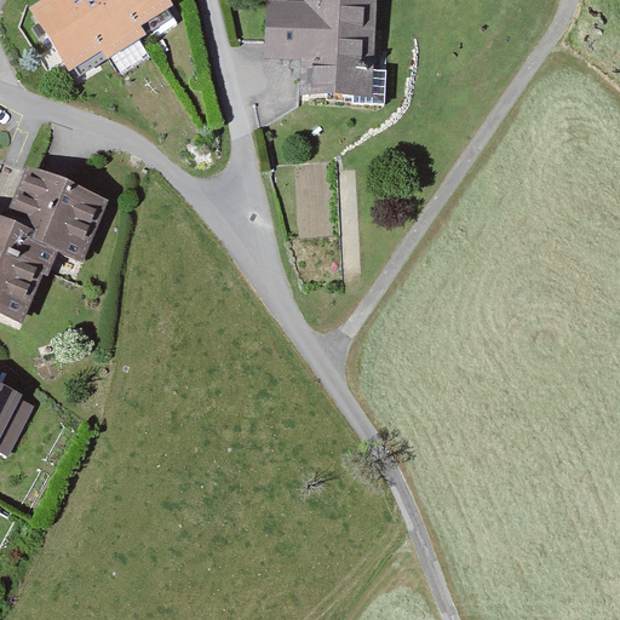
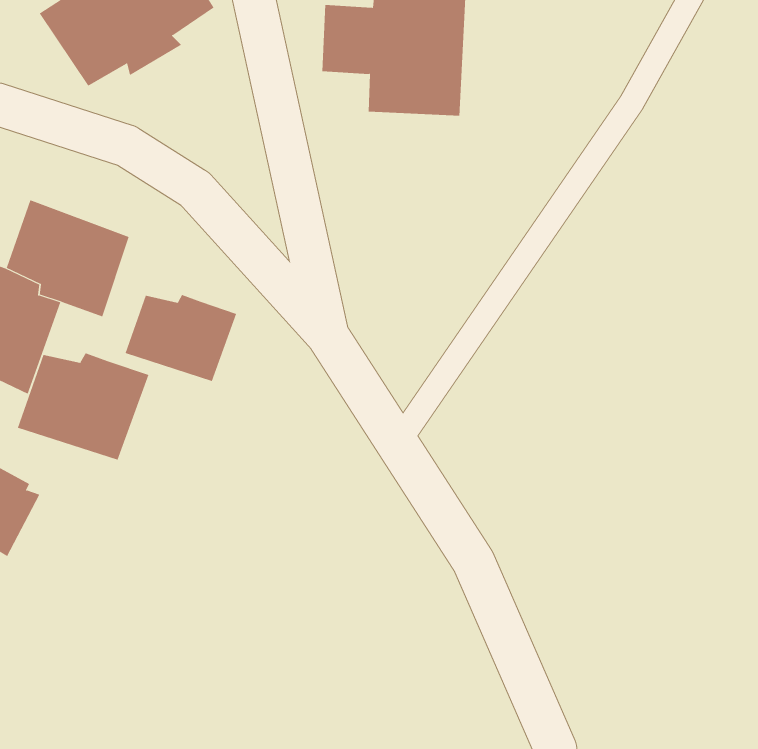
building: none -> [125,294,237,382]
building: none -> [17,352,149,461]

